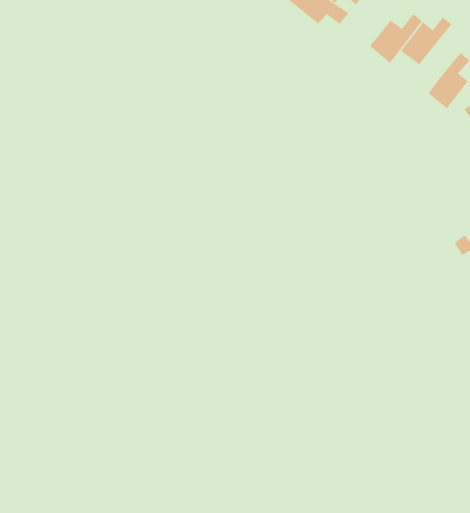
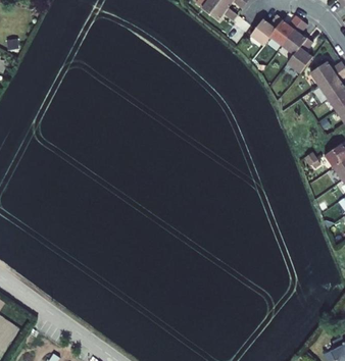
building: none -> [283,16,309,51]

